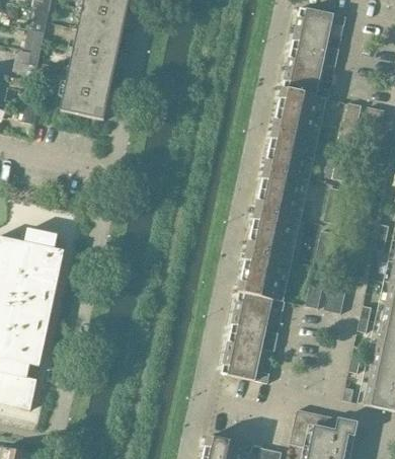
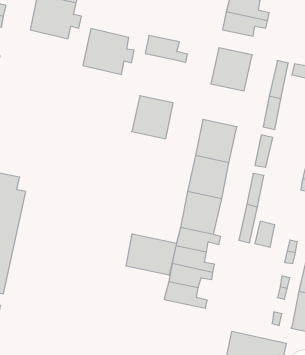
building: [60,69,117,121] -> [83,29,134,74]
building: [282,69,329,99] -> [145,35,188,62]
building: [263,130,310,178] -> [132,96,173,139]
building: none -> [126,234,176,275]

